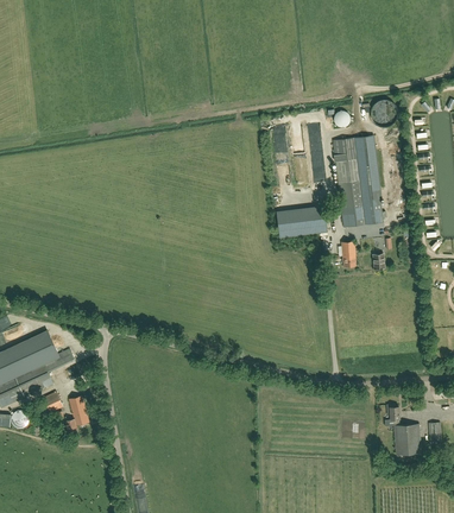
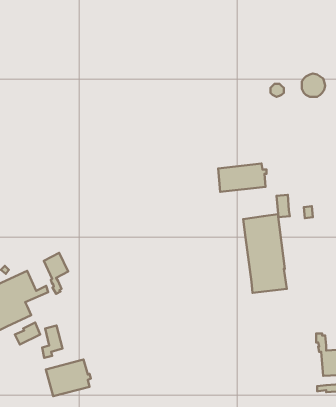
building: [333,134,384,227] -> [243,214,287,293]
building: none -> [44,253,68,294]
building: none -> [46,360,91,396]

